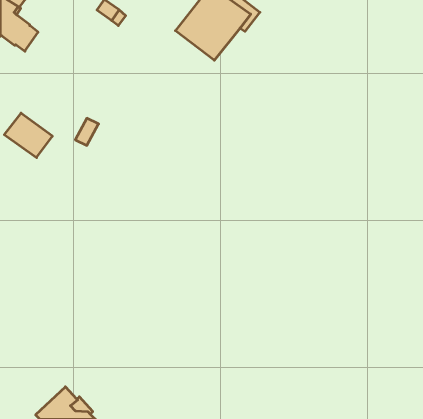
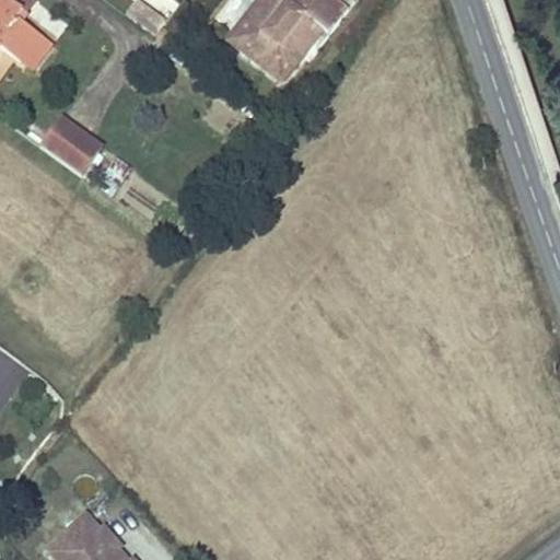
building: [4,113,52,158] -> [40,116,104,175]

